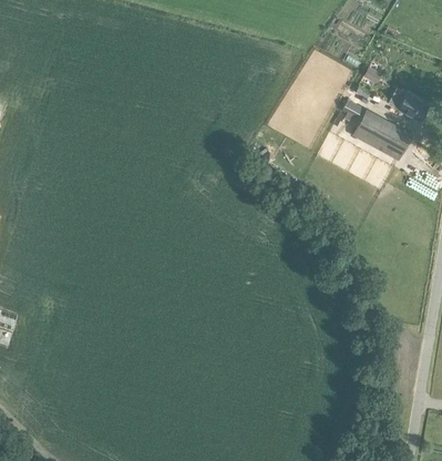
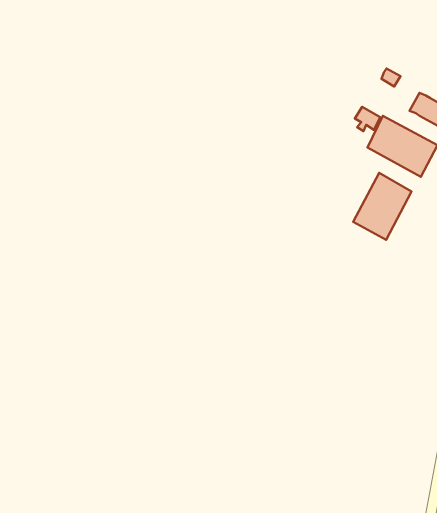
building: none -> [353,173,411,240]

